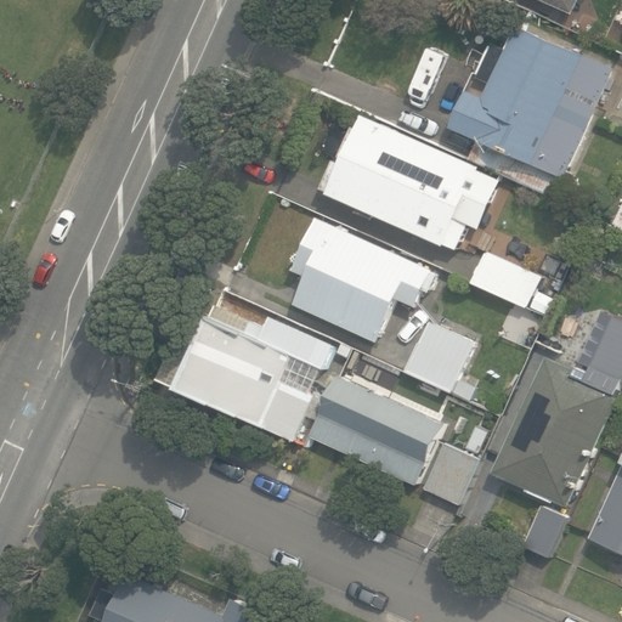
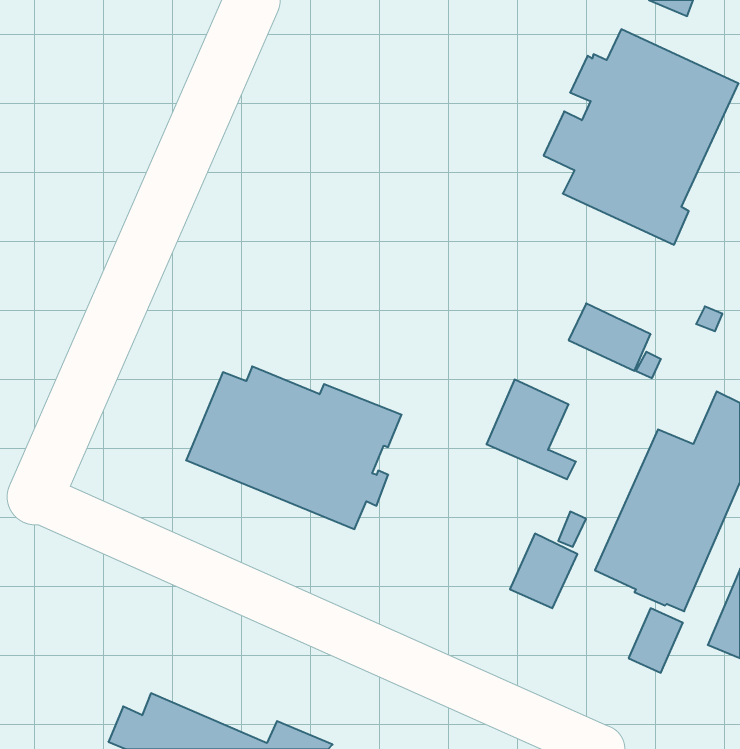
building: [320,115,475,250] -> none
building: [290,219,435,343] -> none
building: [310,375,443,485] -> none

